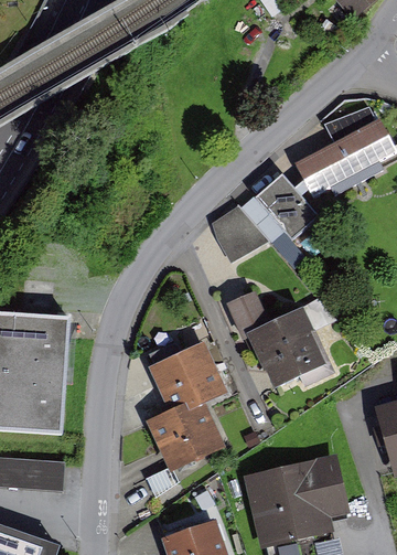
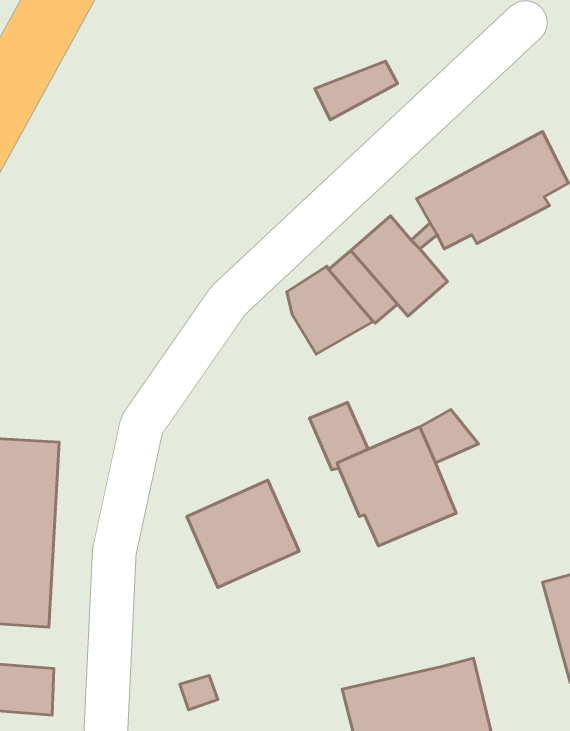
building: [323,105,376,142] -> [315,61,398,120]
building: [148,397,221,468] -> none

